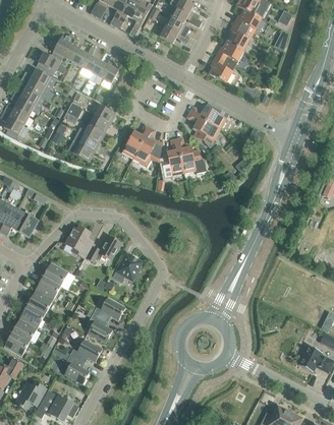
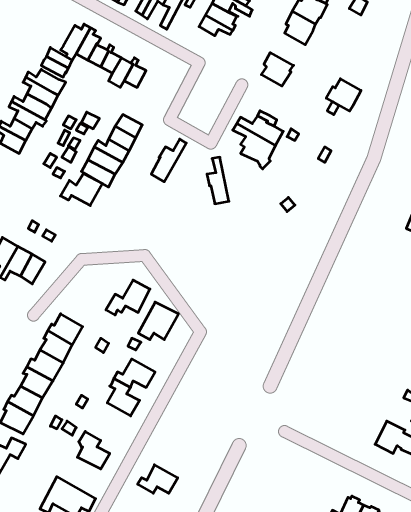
building: [216,41,243,66] -> [326,79,361,111]
building: [132,127,162,167] -> none
building: [176,137,206,173] -> none
building: none -> [60,173,102,206]
building: [65,226,94,257] -> none
building: [70,339,102,361] -> [138,465,178,493]
building: [14,382,47,410] -> none

